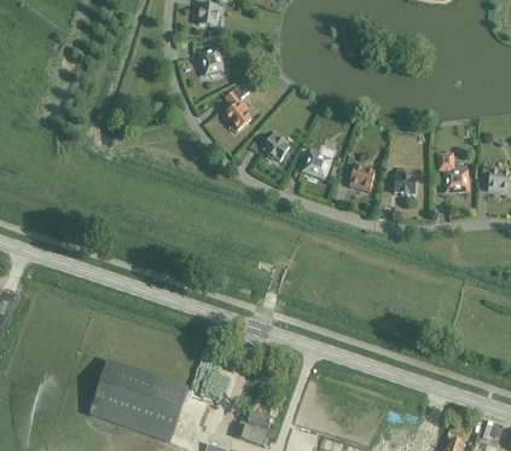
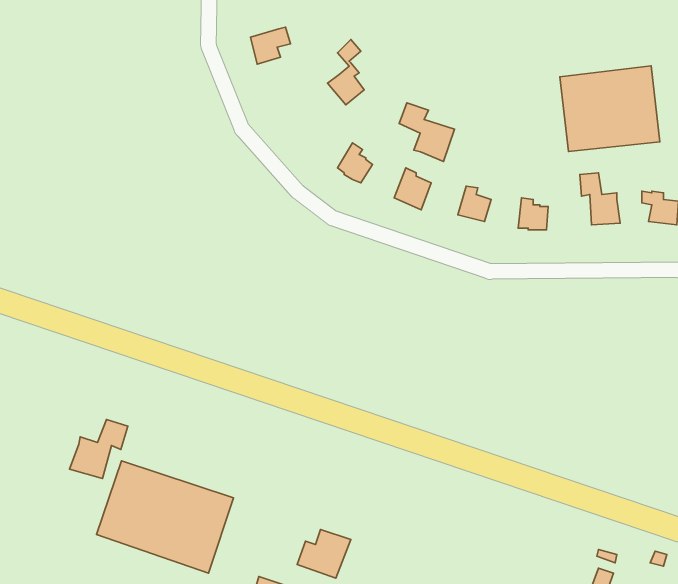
building: none -> [560,66,660,151]
building: [225,81,251,128] -> [327,39,364,105]
building: none -> [399,103,454,162]
building: none -> [70,419,128,478]

